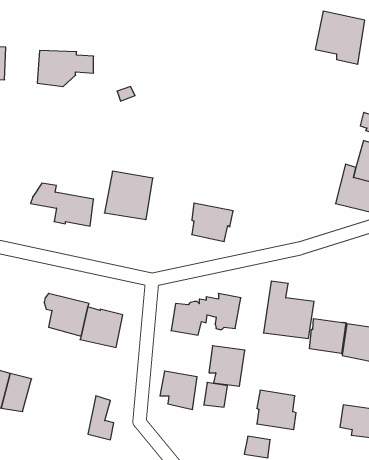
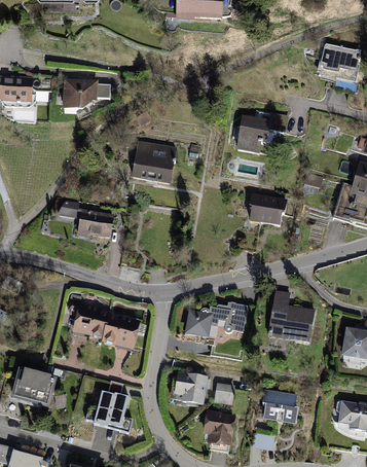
building: none -> [236,109,288,155]
building: [104,171,153,220] -> [132,141,176,185]
building: [192,203,233,241] -> [250,192,288,227]
building: [310,319,346,354] -> none
building: [209,346,245,386] -> [204,410,236,447]
building: none -> [85,391,115,429]

